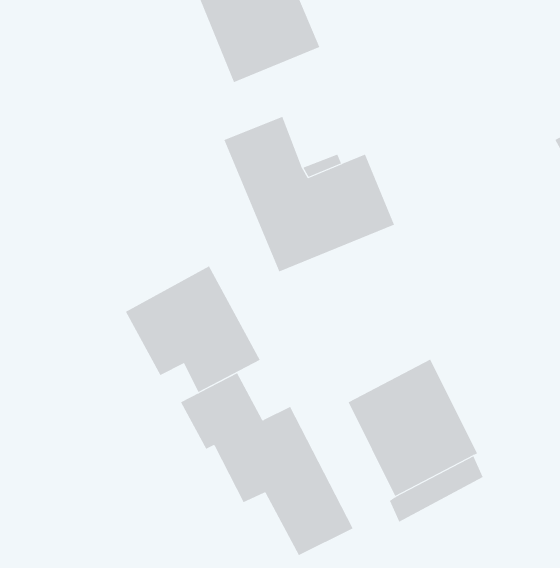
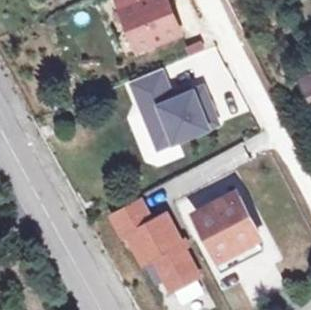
building: [125,266,260,393] -> none

